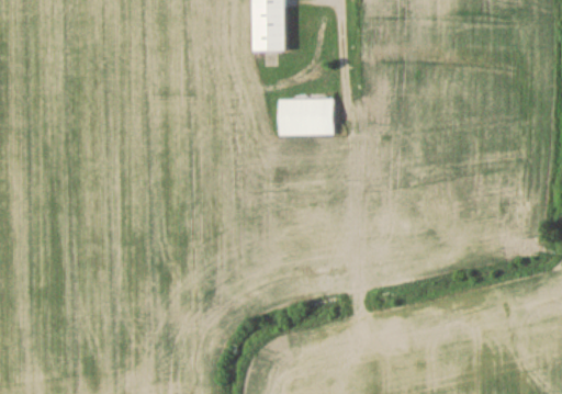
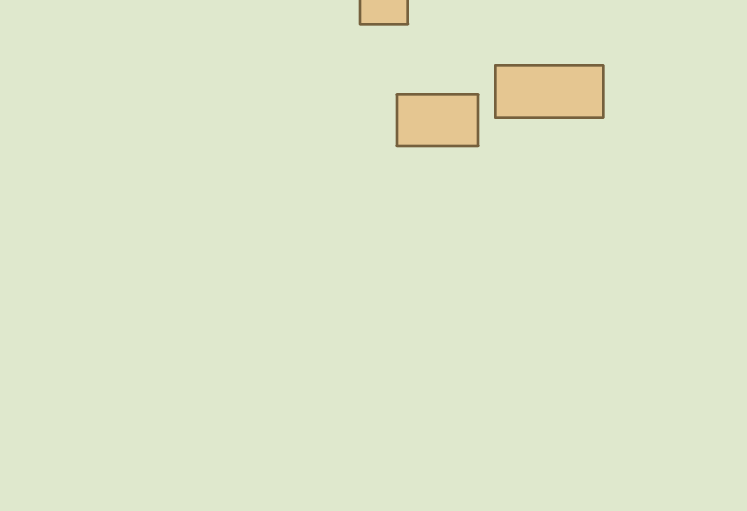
building: none -> [495,65,603,118]

